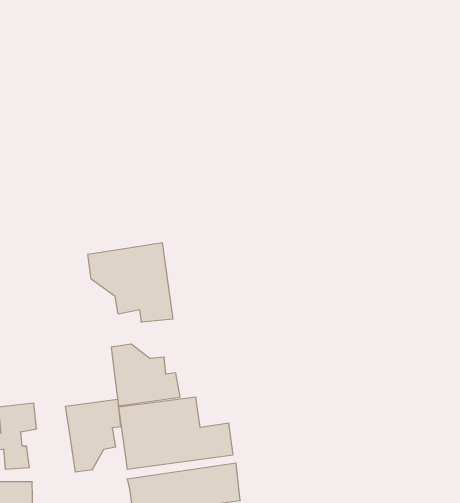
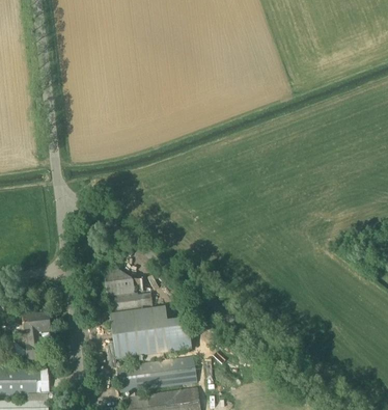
building: [88,243,173,322] -> none
building: [66,399,120,472] -> none

